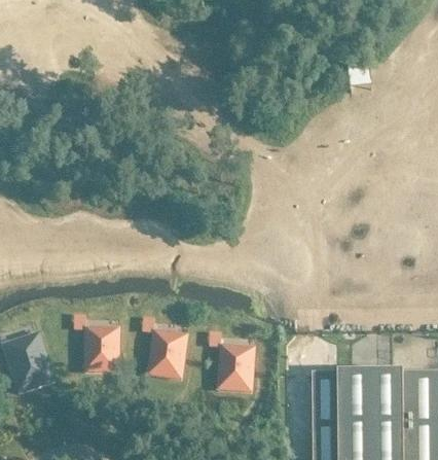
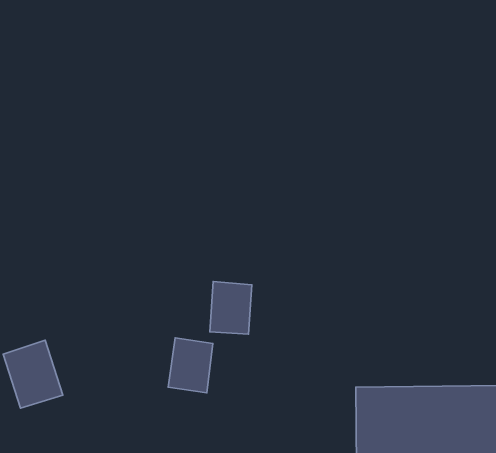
building: [84,323,119,368] -> none
building: [218,341,255,387] -> [210,281,252,334]

